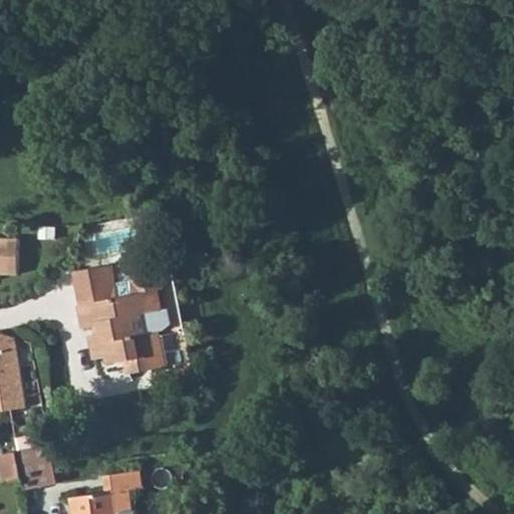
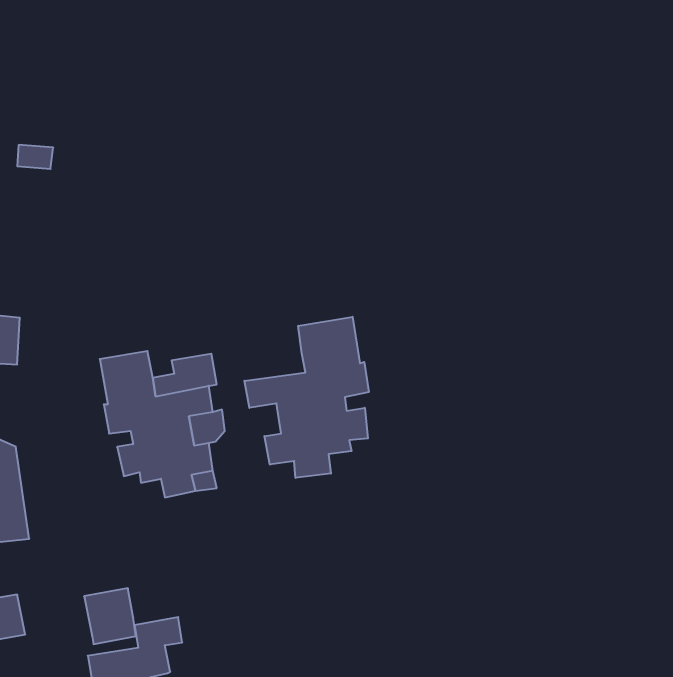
building: none -> [244,317,369,478]
building: [13,445,52,487] -> [84,588,136,644]

